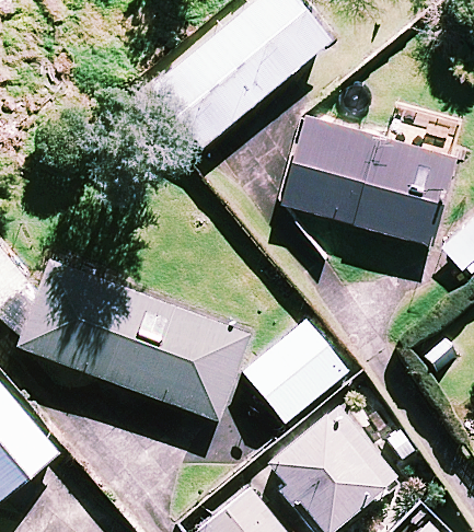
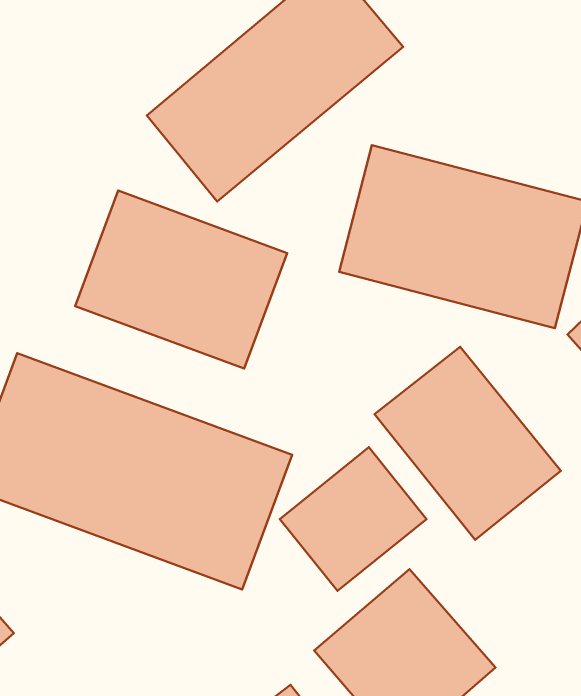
building: none -> [75,191,287,369]
building: none -> [375,347,561,540]

